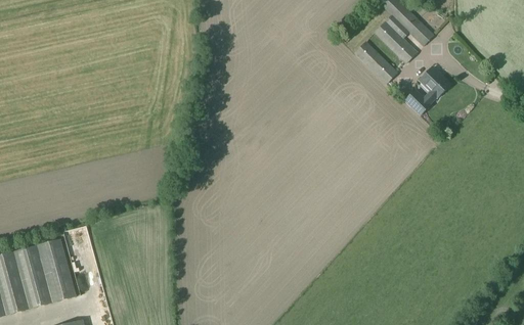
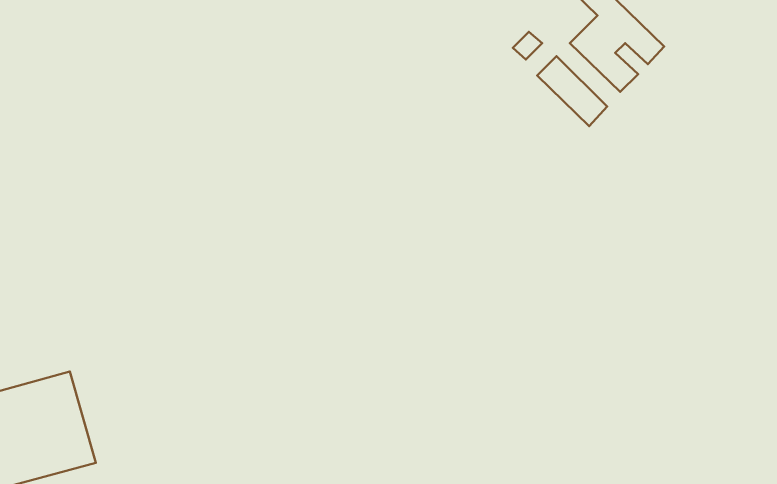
building: [403,65,450,117] -> none

